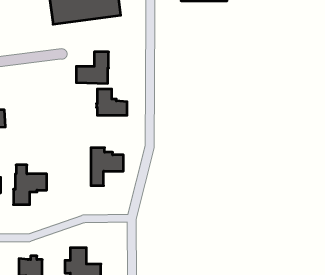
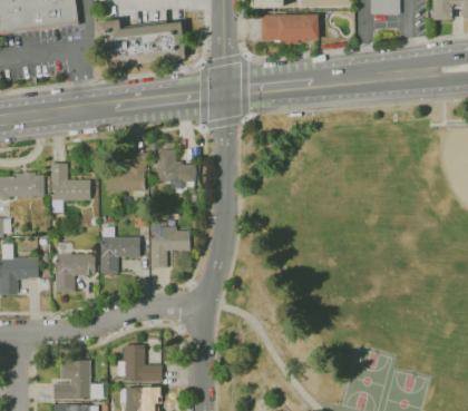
building: [76,52,109,83] -> [106,153,146,192]
building: none -> [51,164,90,213]
building: none -> [100,226,140,274]

